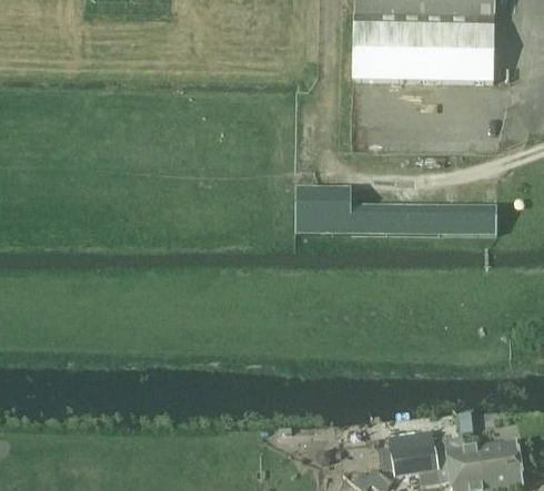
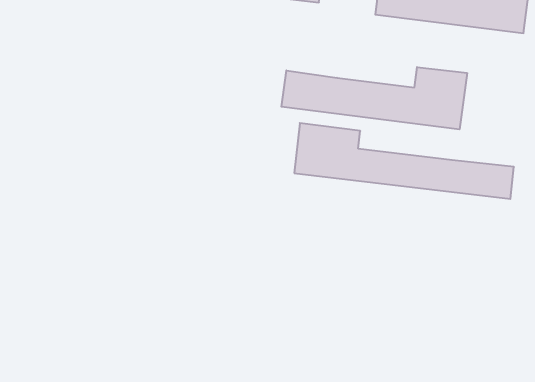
building: none -> [281,67,467,129]

